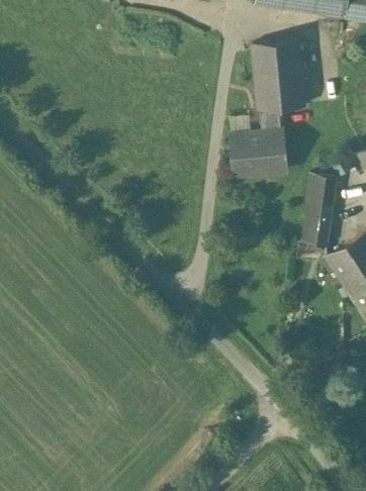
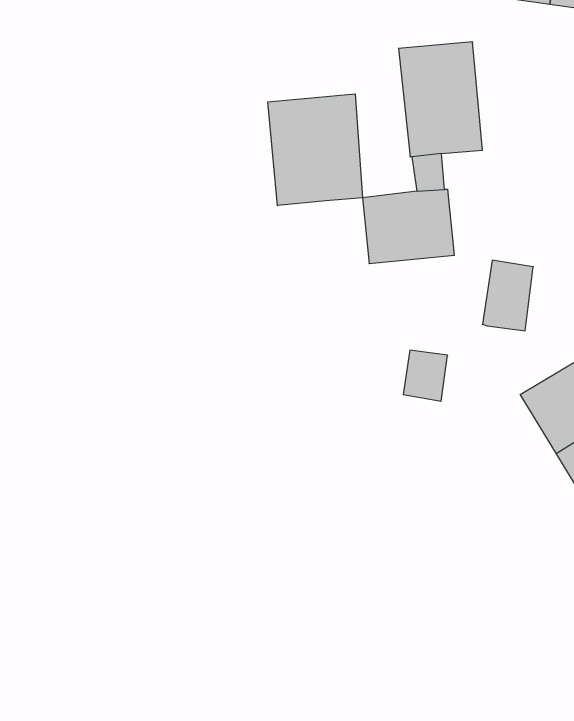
building: none -> [268,94,363,206]
building: [301,215,329,247] -> [403,350,448,401]

